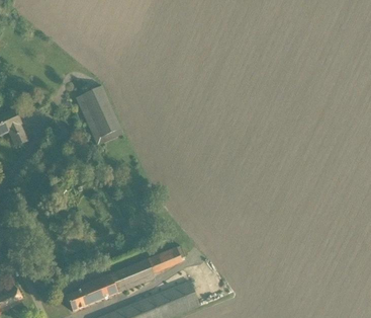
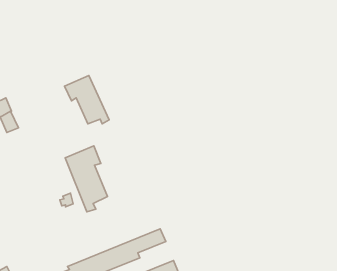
building: none -> [65,146,108,212]

